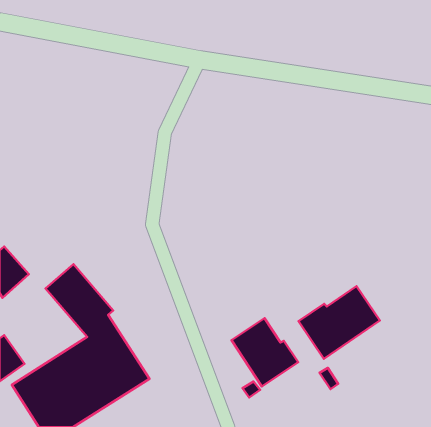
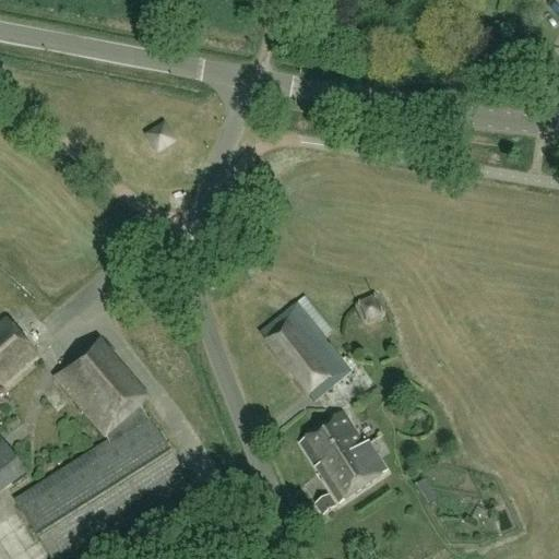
building: none -> [259,301,348,396]
building: [298,286,380,359] -> none

